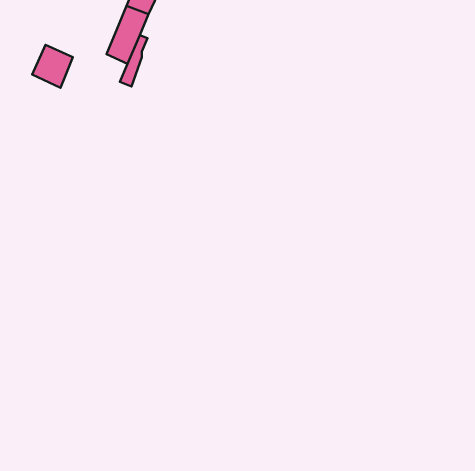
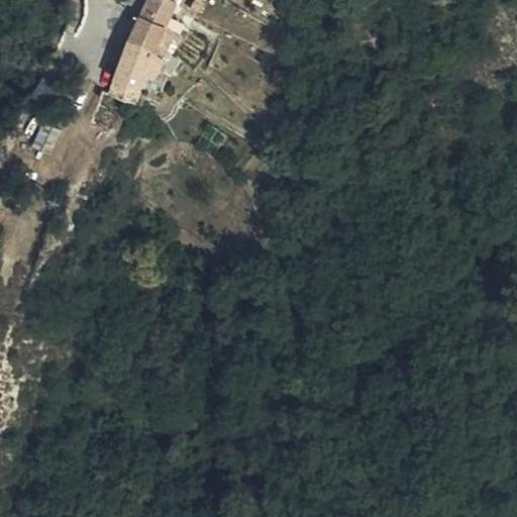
building: [32,45,73,88] -> [104,55,147,100]

